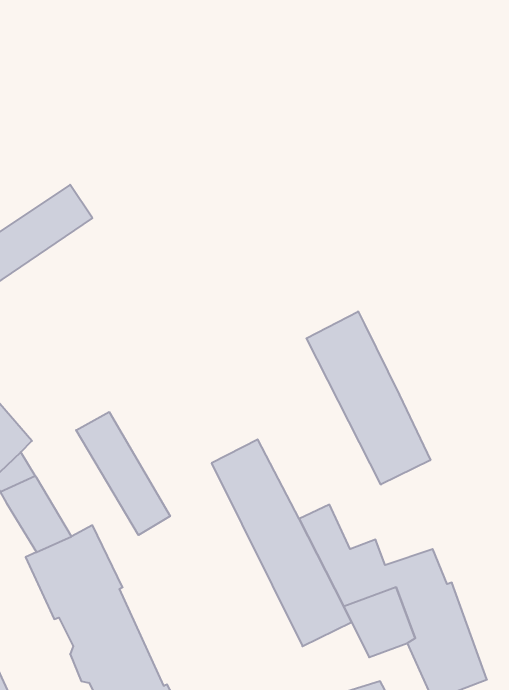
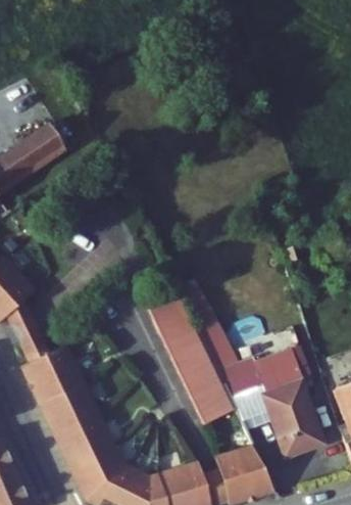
building: [306,311,430,485] -> none
building: [76,412,170,535] -> none

